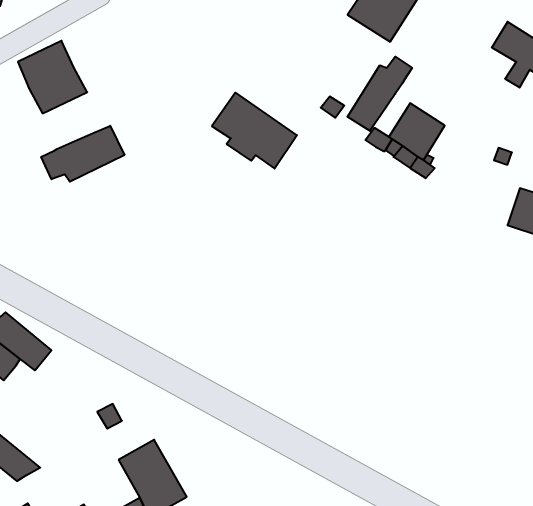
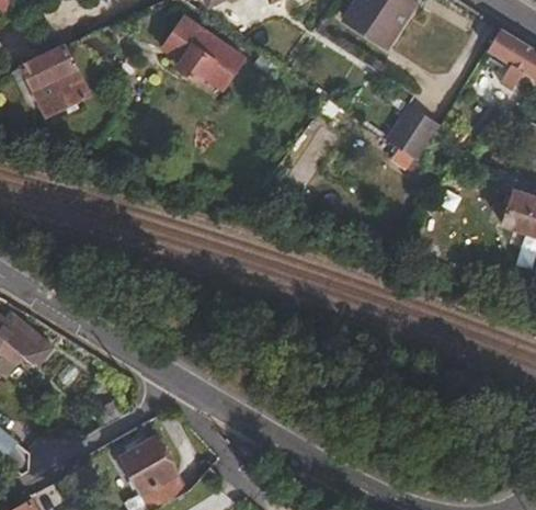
building: [347,57,412,131] -> none
building: [212,93,297,169] -> [162,16,246,91]
building: [41,126,124,182] -> none

